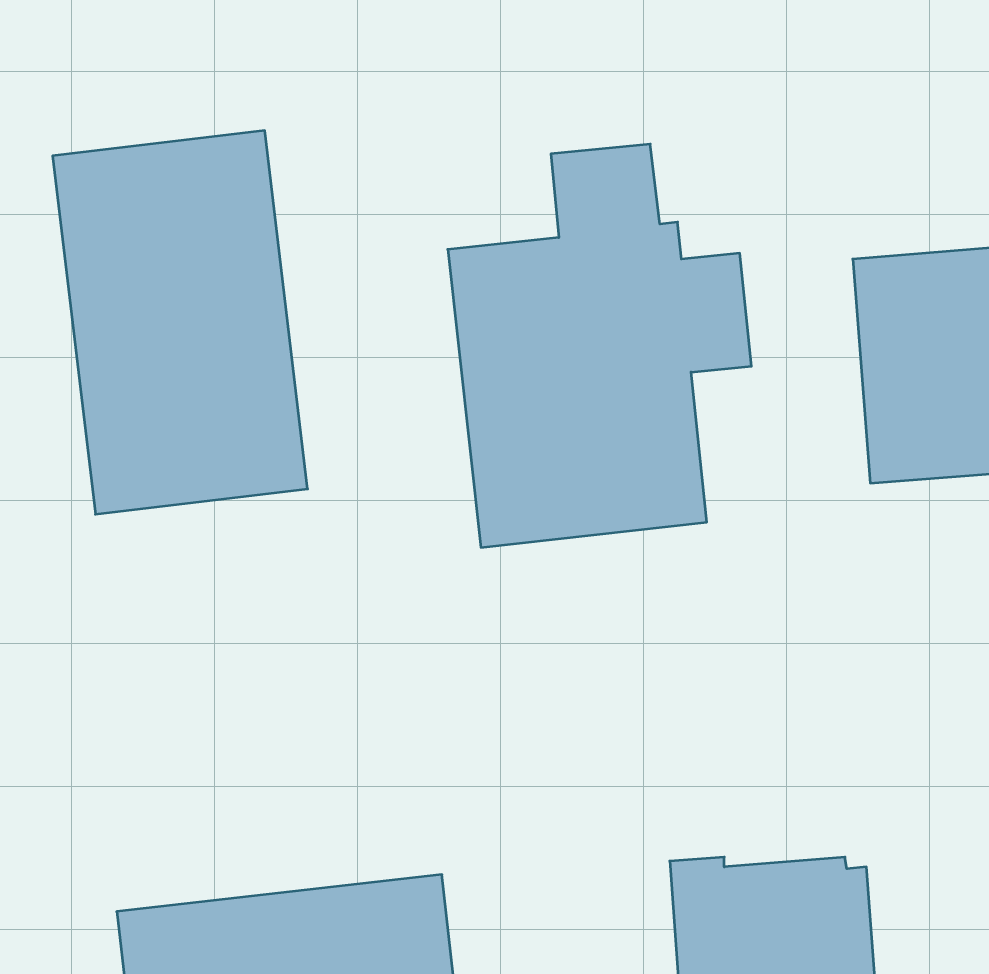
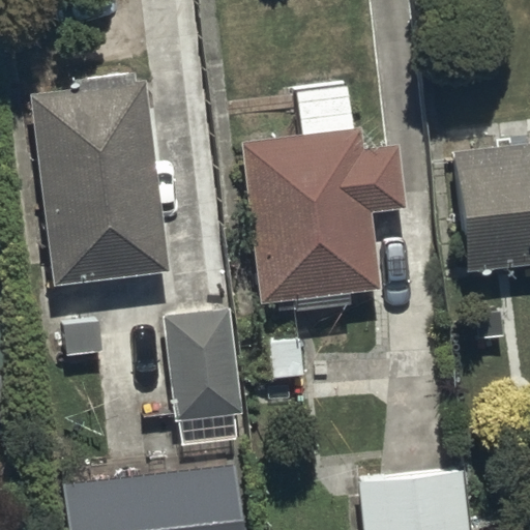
building: none -> [163,307,244,424]

